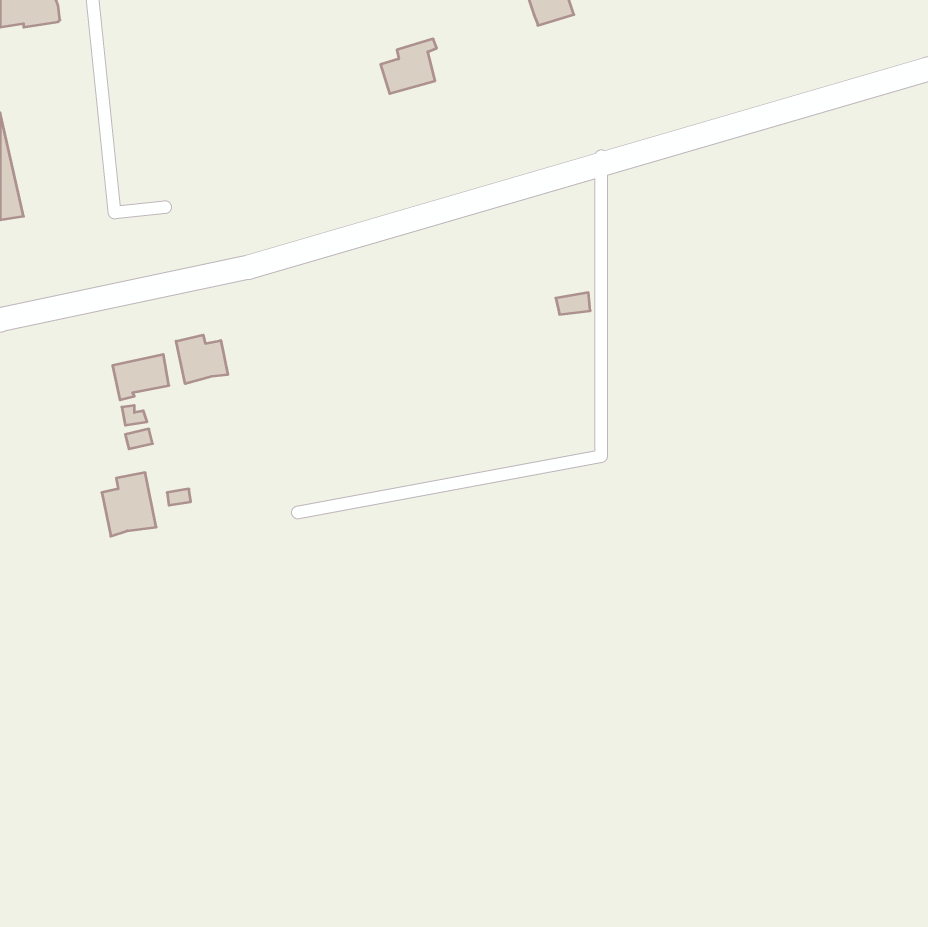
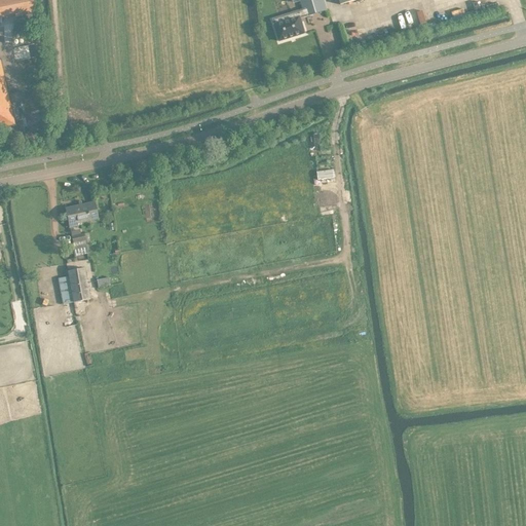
building: [381,39,437,94] -> [272,8,304,39]
building: [176,335,228,384] -> none

